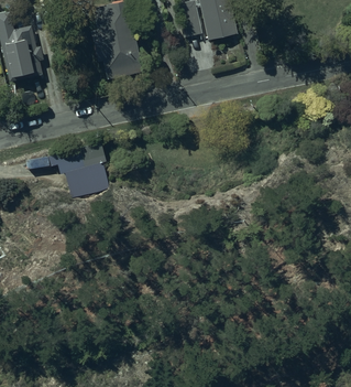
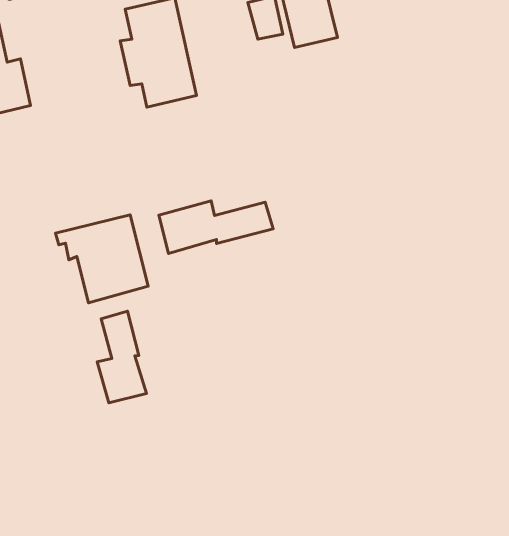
building: none -> [159,201,273,254]
building: none -> [97,311,146,403]

